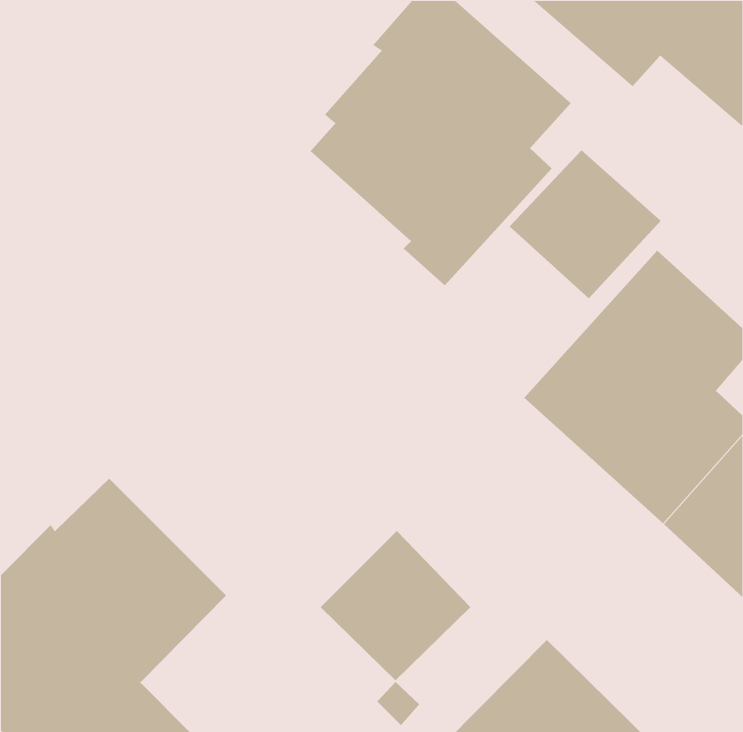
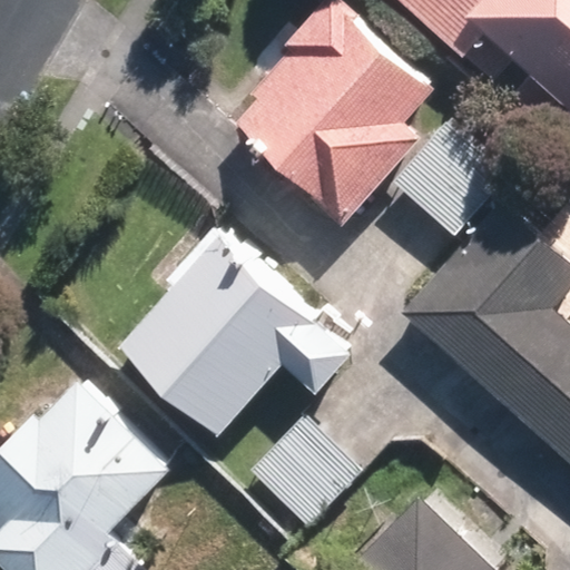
building: none -> [118,228,355,434]

